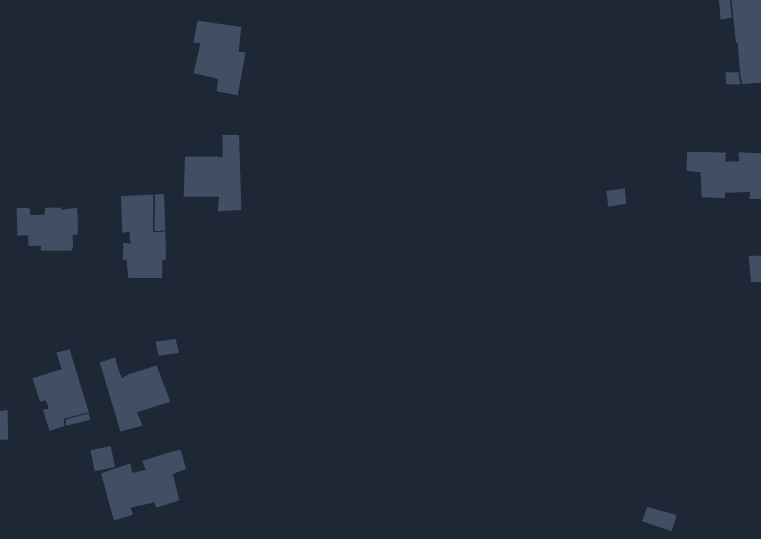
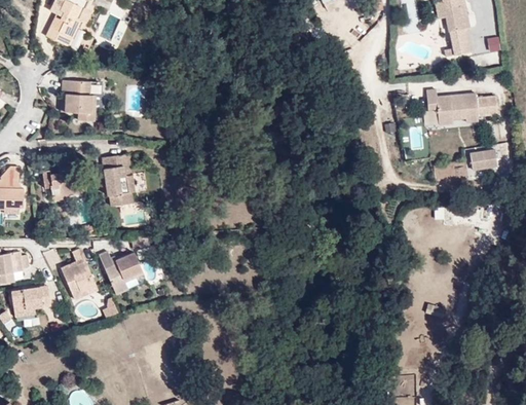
building: [193,20,247,96] -> [62,80,93,121]
building: [183,134,242,212] -> none
building: [100,449,187,521] -> none

